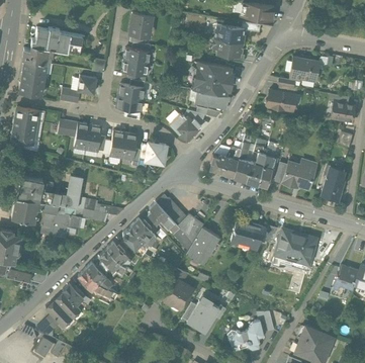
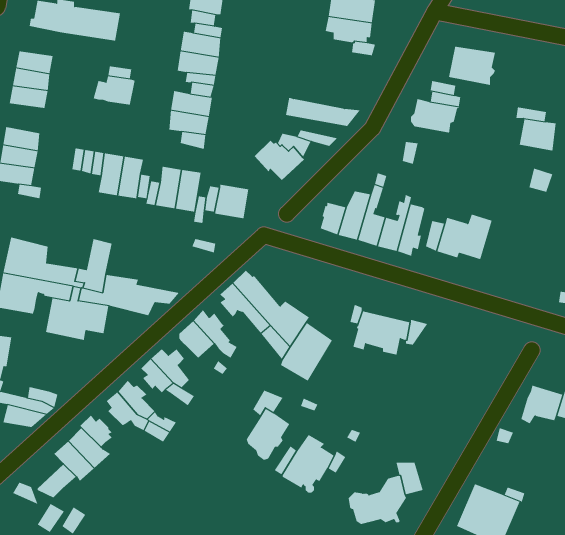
building: [22,46,52,65] -> none
building: [194,63,232,96] -> none
building: [321,167,346,201] -> none
building: [273,228,318,273] -> none

